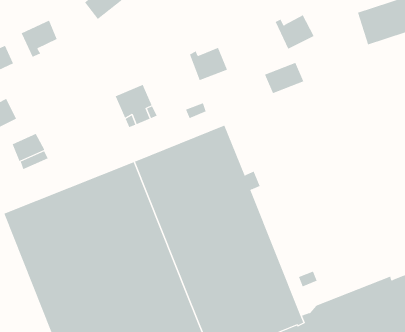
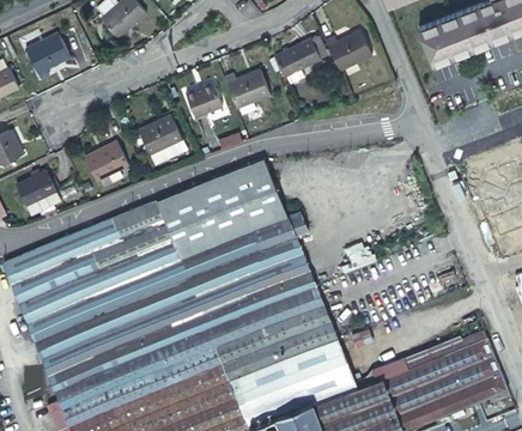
building: none -> [183,81,219,116]
building: [264,62,304,94] -> [273,41,320,78]
building: none -> [83,136,128,178]

